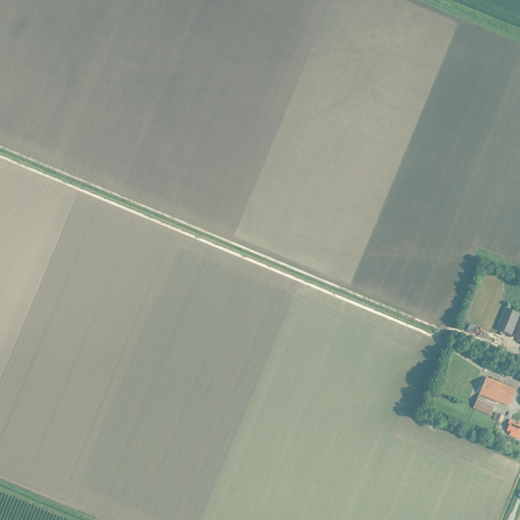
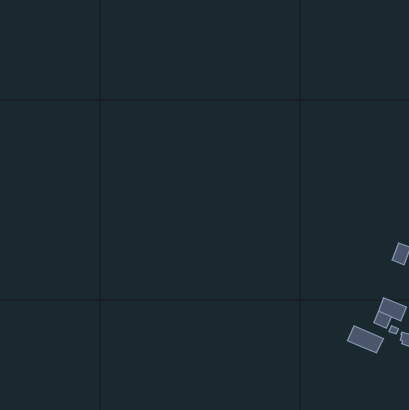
building: none -> [347,326,384,353]

